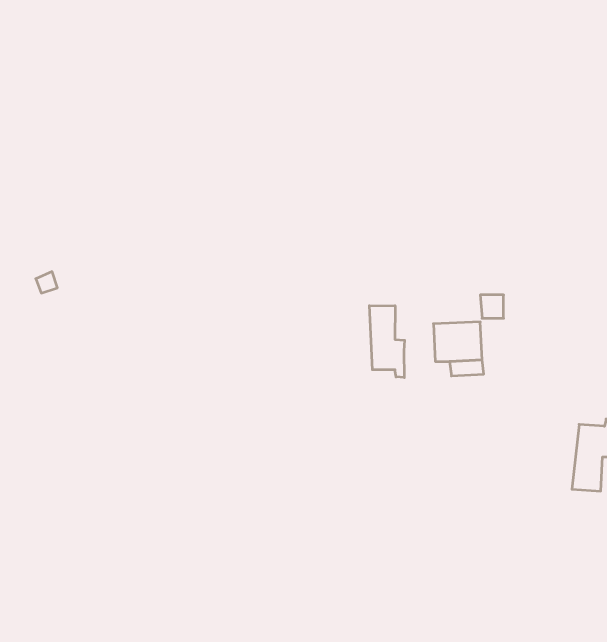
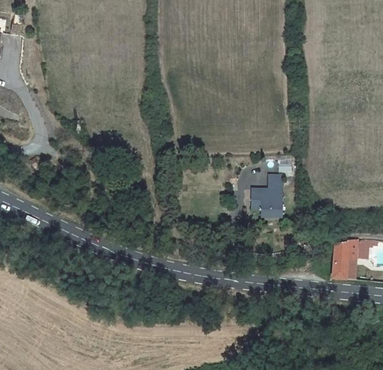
building: [369,306,405,378] -> none

